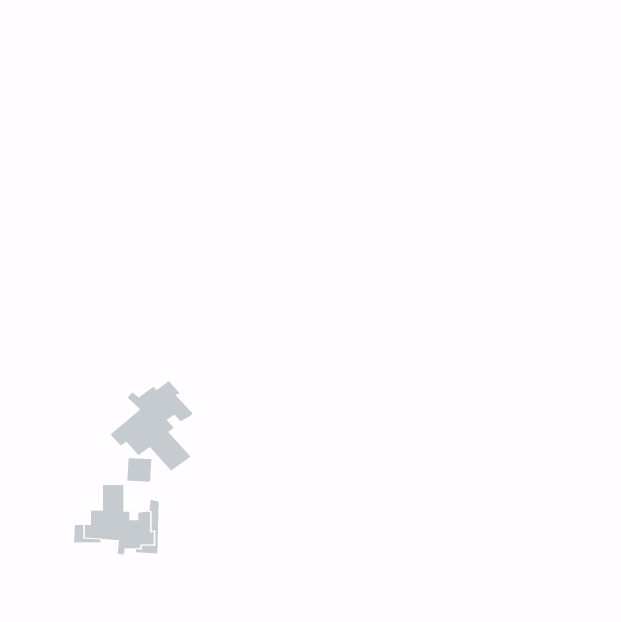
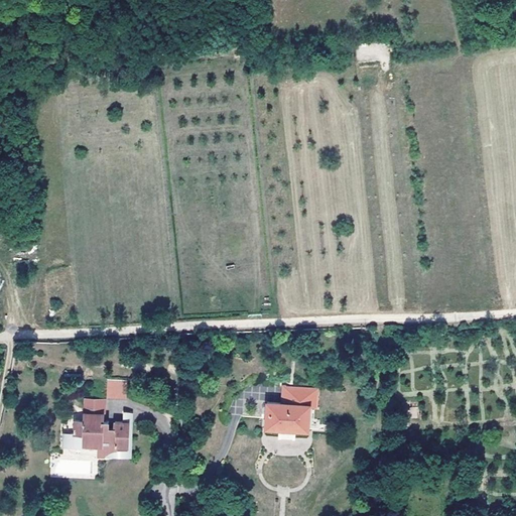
building: [110,380,194,472] -> none
building: none -> [264,388,311,432]

